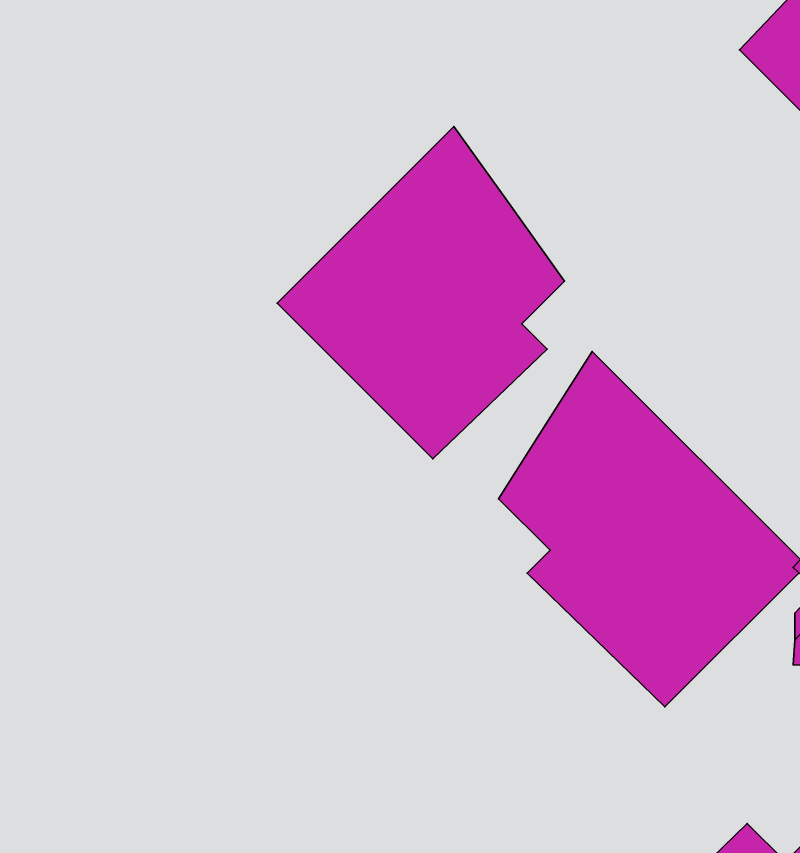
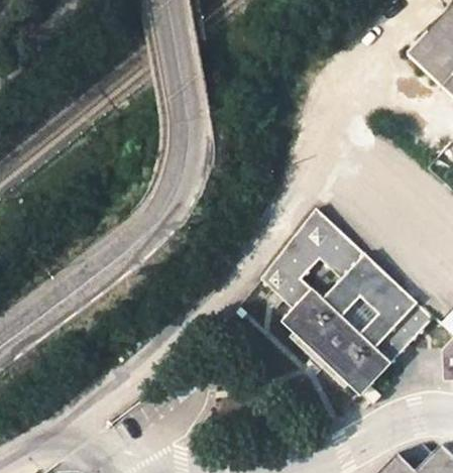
building: [277,126,565,459] -> none

